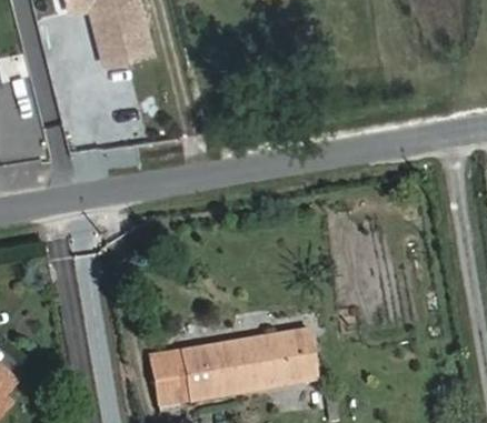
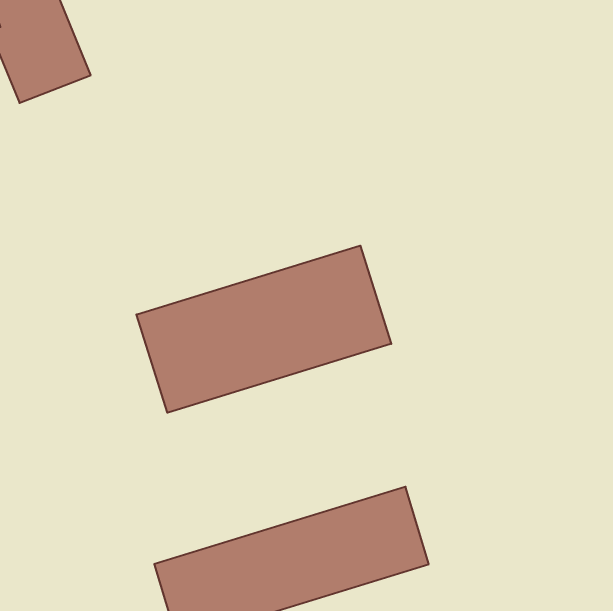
building: none -> [136,246,391,413]

